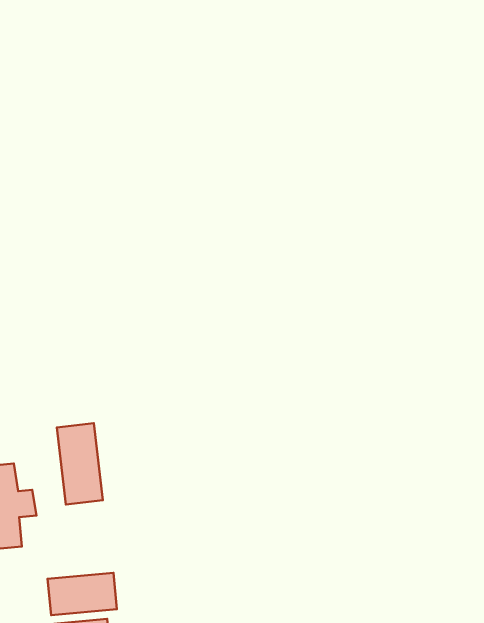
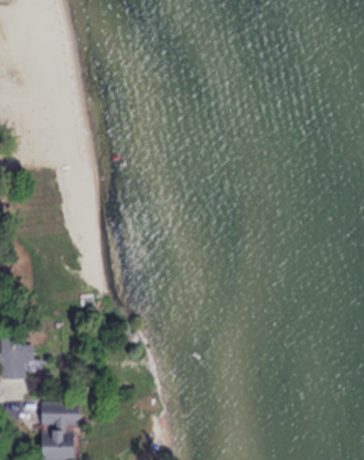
building: [57,423,103,504] -> none

